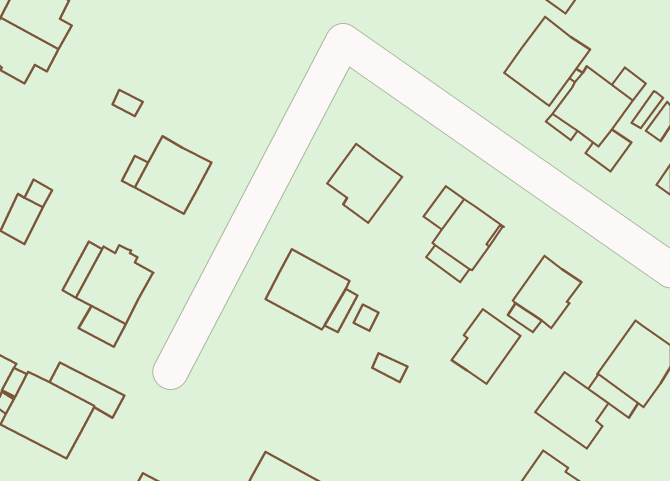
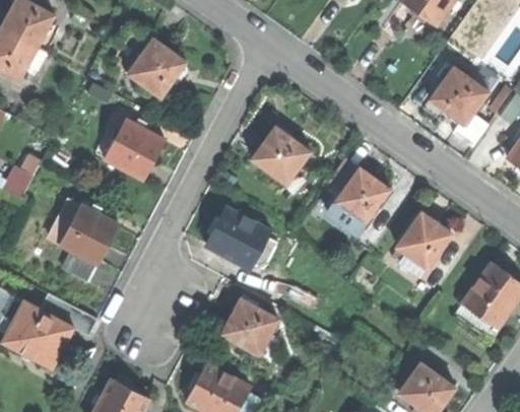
building: [504,17,590,106] -> none
building: none -> [126,37,186,95]
building: [451,309,520,384] -> none
building: none -> [220,297,278,355]
building: [535,372,608,448] -> none

